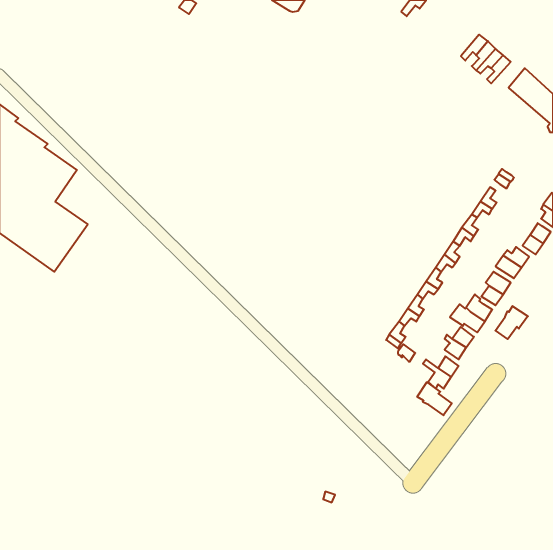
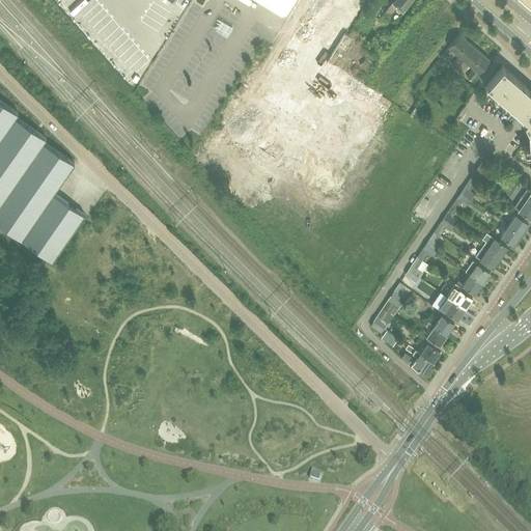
building: [495,306,528,339] -> none
building: [417,382,452,415] -> none

